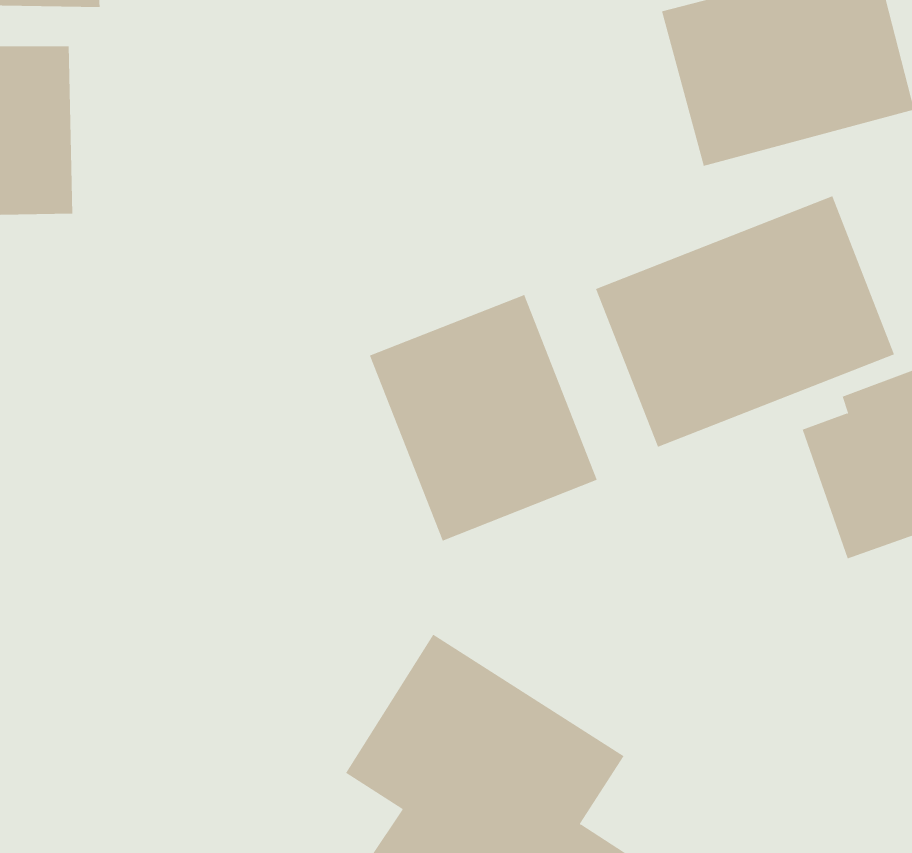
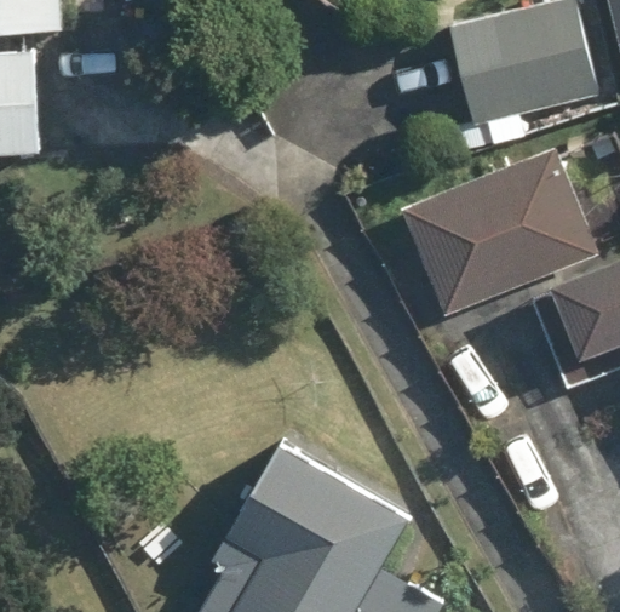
building: [369,294,598,541] -> none

